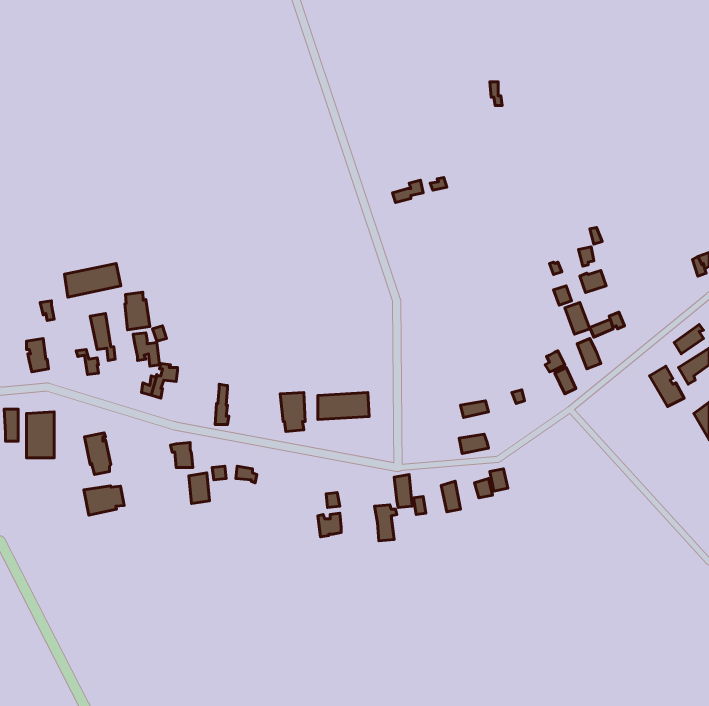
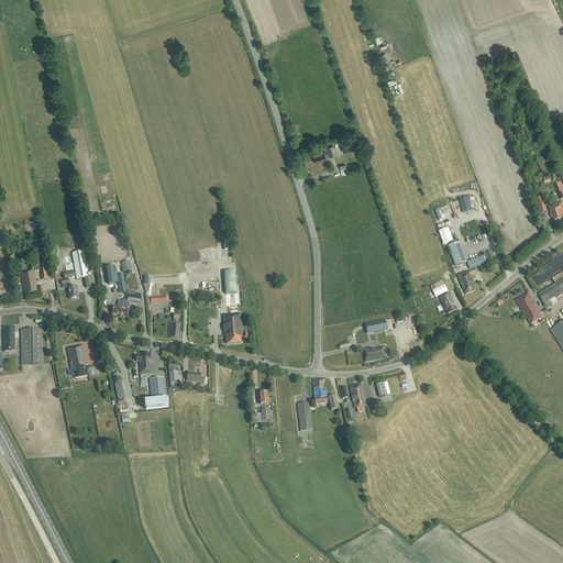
building: [65,264,121,297] -> none
building: [125,292,150,330] -> none
building: [318,392,369,419] -> none
building: [84,486,124,515] -> none

